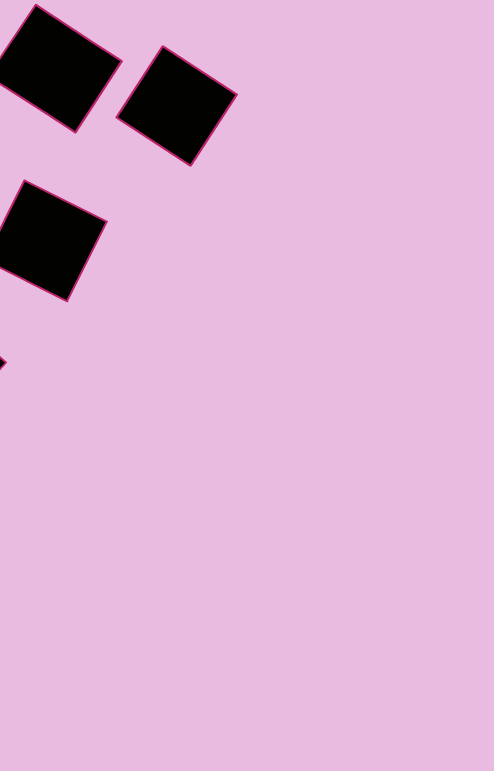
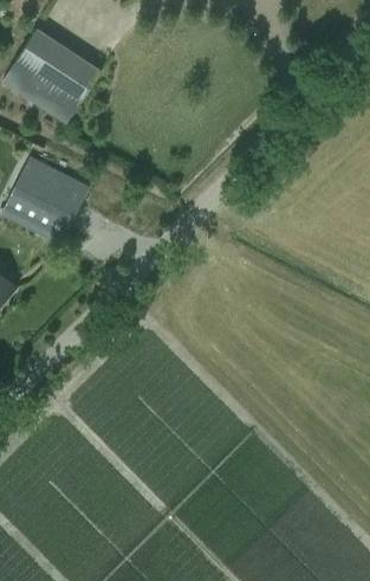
building: [116,46,237,166] -> none

